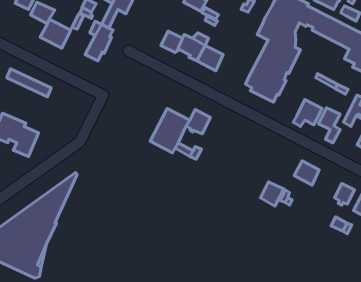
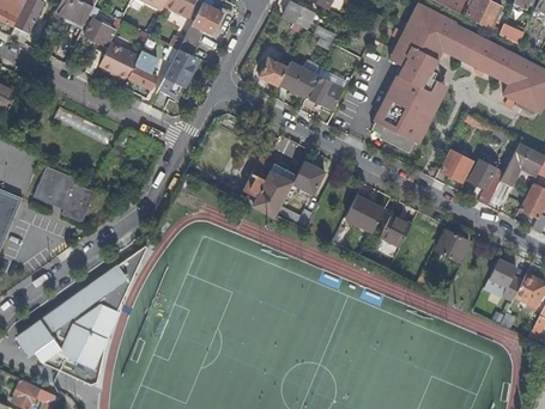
building: none -> [125,59,157,97]
building: none -> [347,191,387,233]
building: [260,182,284,206] -> [381,214,412,246]

